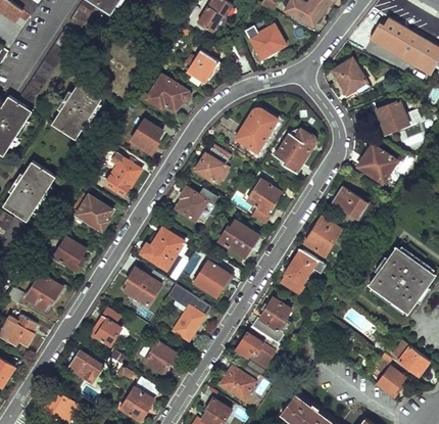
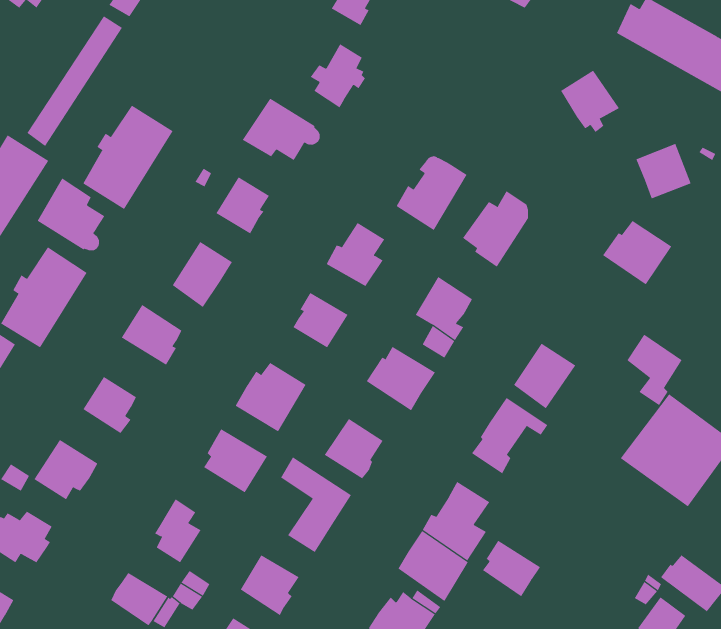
building: [246,25,285,57] -> none
building: none -> [37,178,105,251]
building: [332,187,364,229] -> [626,334,682,406]
building: none -> [482,540,541,597]

